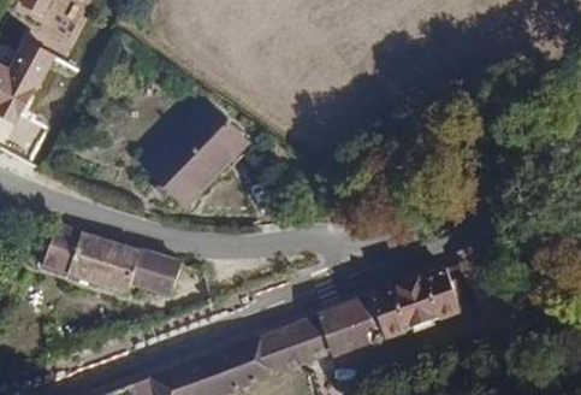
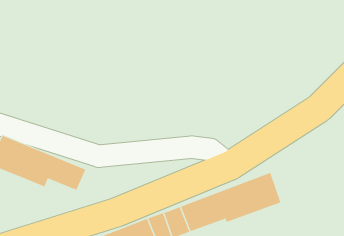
building: [147,106,244,202] -> none

